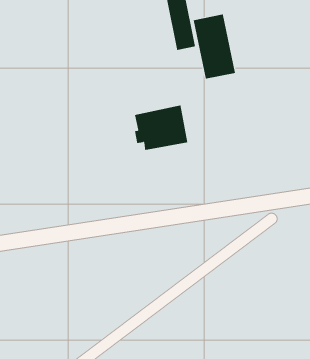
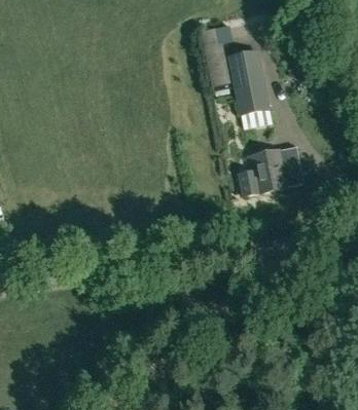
building: [134,105,188,151] -> [248,145,302,191]

